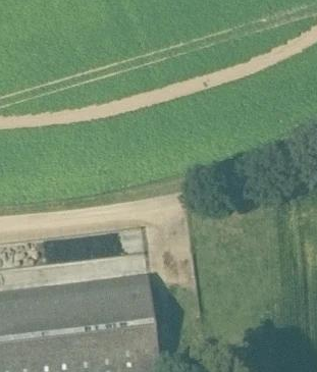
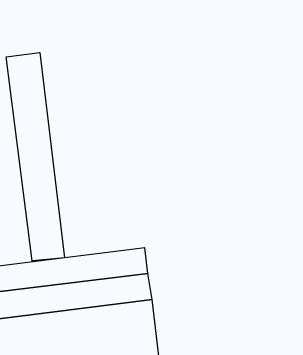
building: none -> [6,53,65,261]

